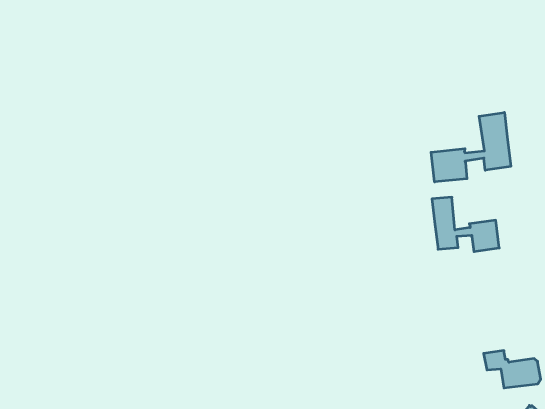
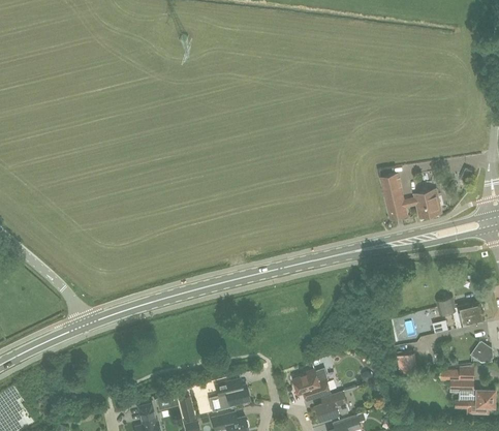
building: [431,112,511,182] -> none

